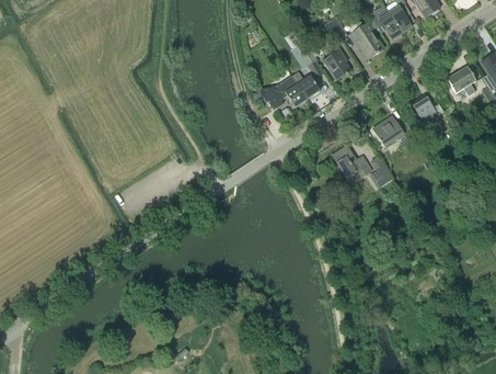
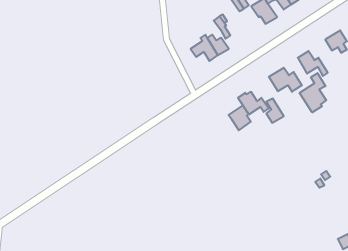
building: [323,48,351,79] -> none
building: none -> [300,73,326,112]
building: none -> [229,105,251,130]

